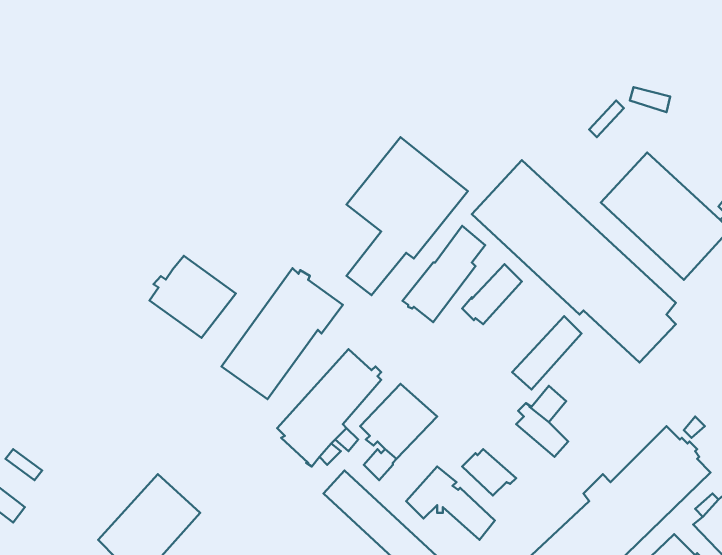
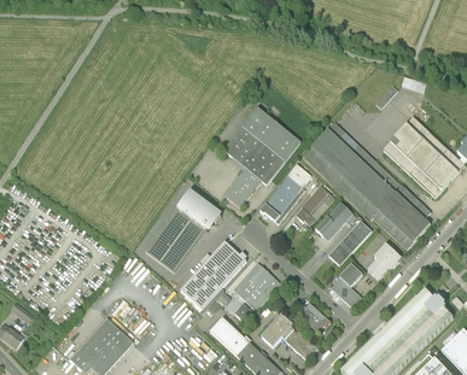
building: [150,256,236,338] -> none
building: none -> [315,201,356,240]
building: none -> [368,244,401,277]

